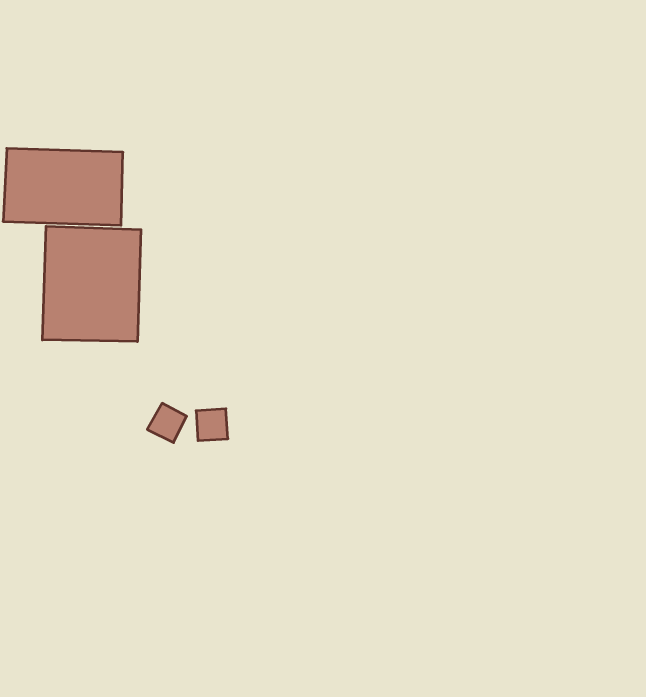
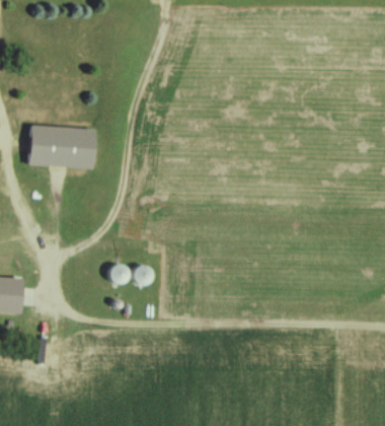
building: [42,226,141,342] -> none

